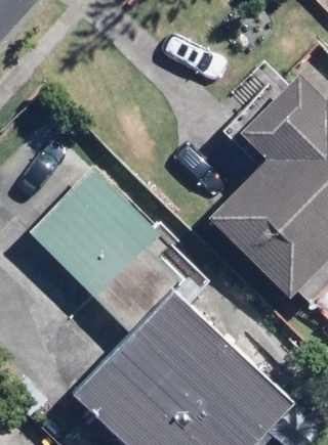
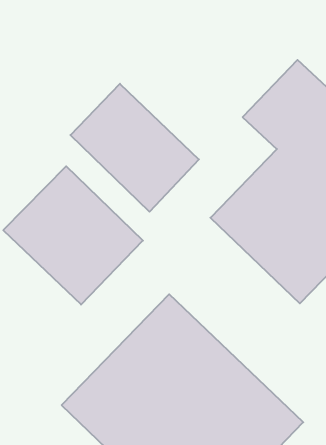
building: none -> [70,84,199,212]

